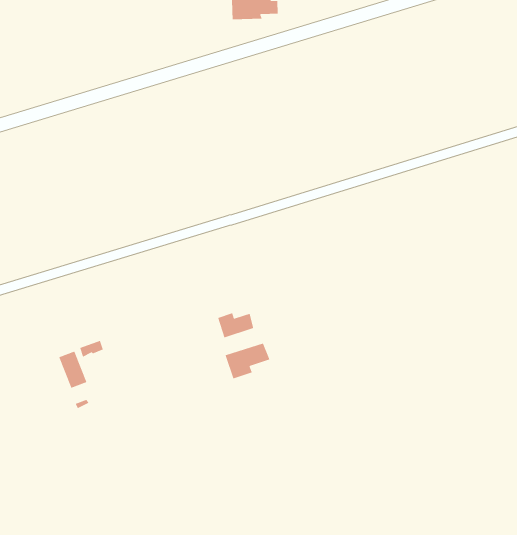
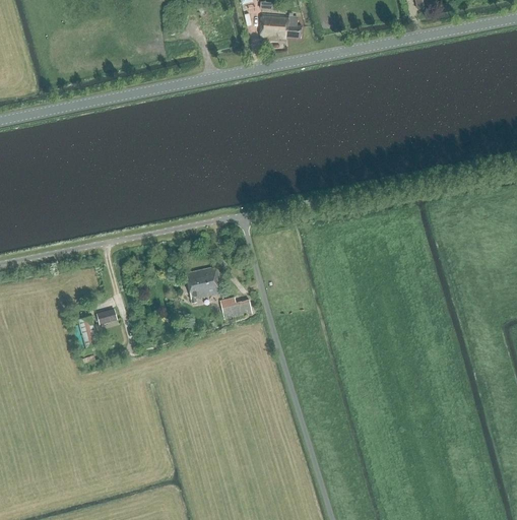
building: none -> [185,265,220,303]
building: [225,343,270,379] -> none

